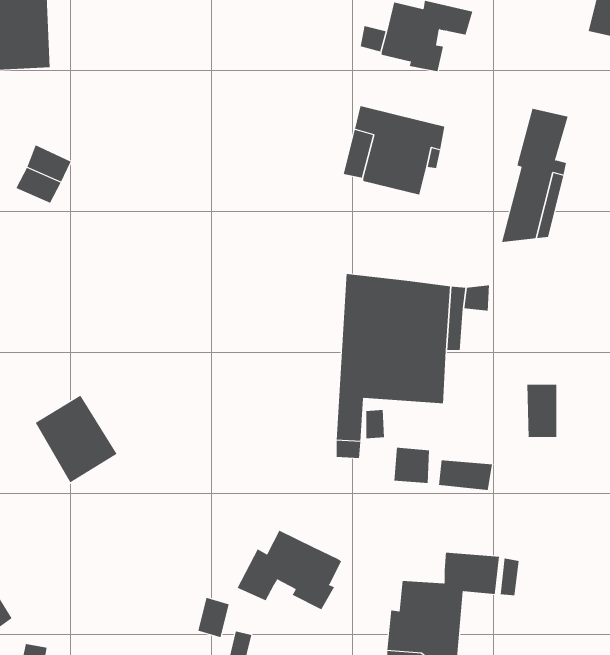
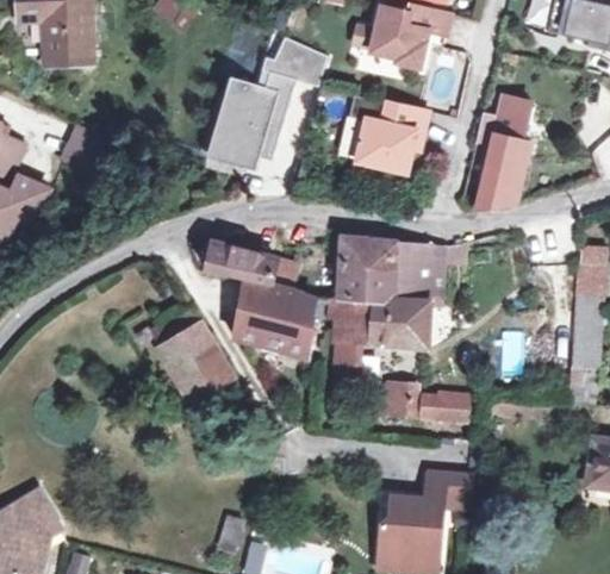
building: none -> [218,32,329,166]
building: none -> [206,243,315,356]
building: [35,395,117,483] -> [160,325,230,400]
building: [237,530,342,610] -> none

